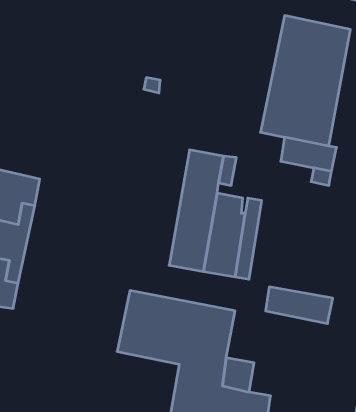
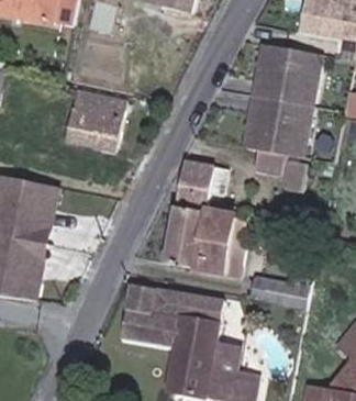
building: none -> [65,90,125,151]

